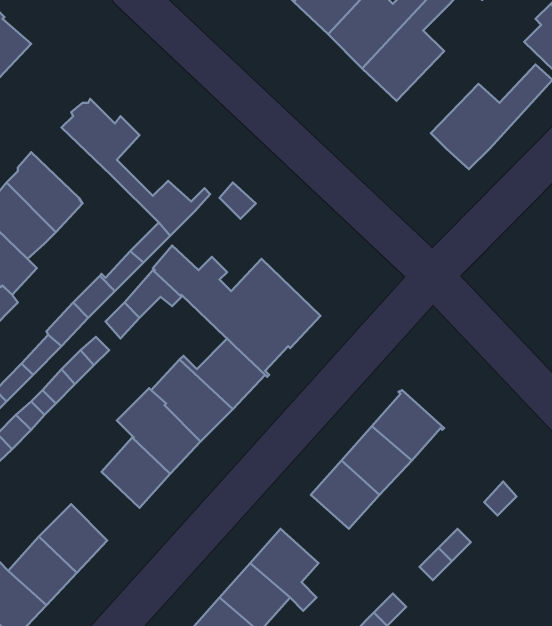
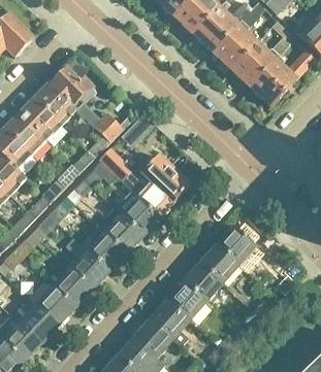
building: none -> [231,36,291,86]
building: none -> [33,82,76,124]
building: none -> [55,269,92,306]
building: none -> [168,281,205,318]

